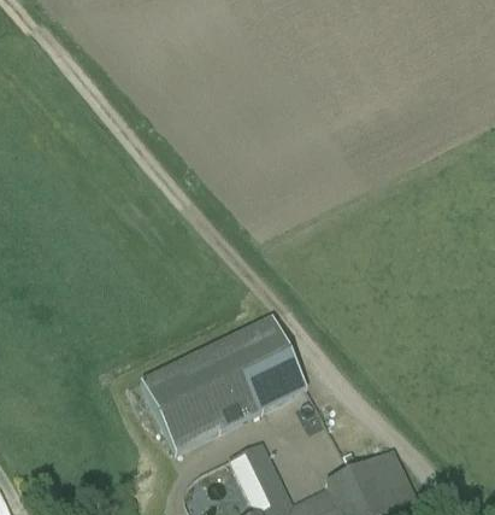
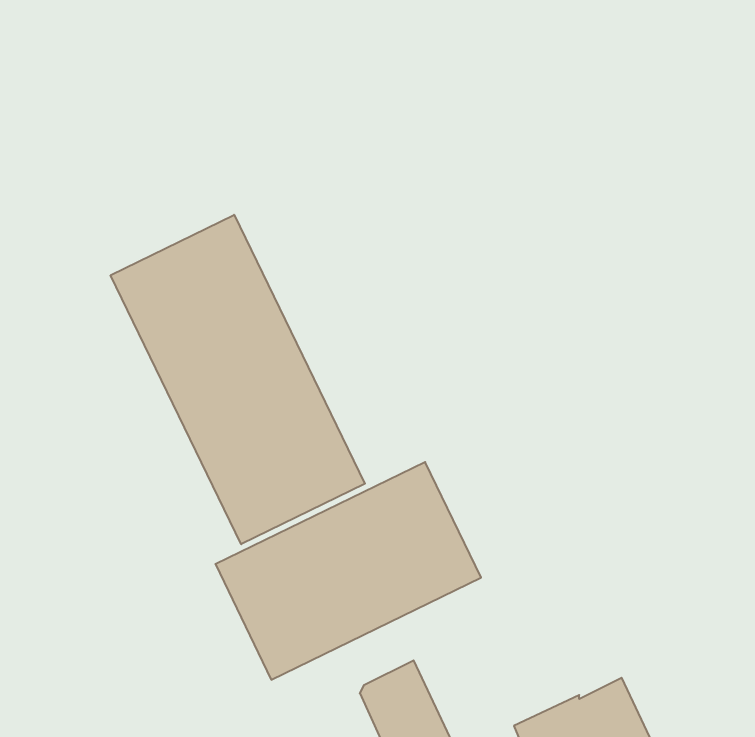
building: none -> [111,215,365,544]

